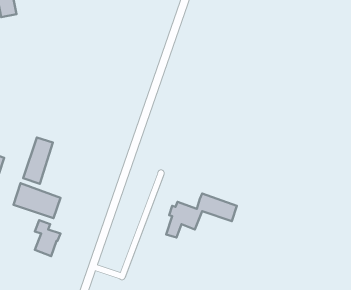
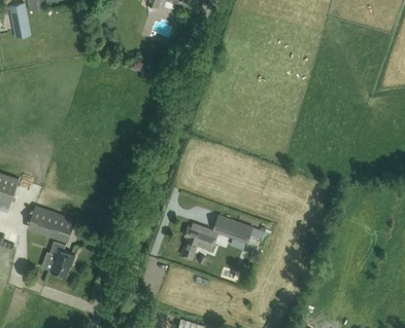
building: [23,137,53,184] -> none

